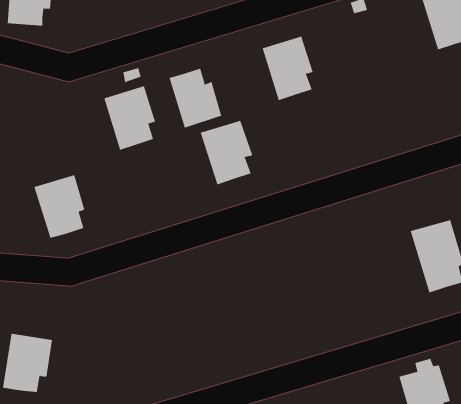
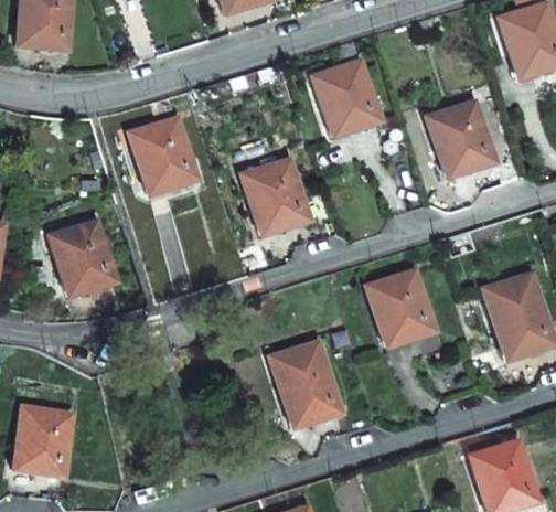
building: [169,68,222,129] -> none
building: none -> [428,103,489,178]
building: none -> [367,273,428,348]
building: none -> [272,342,335,428]

